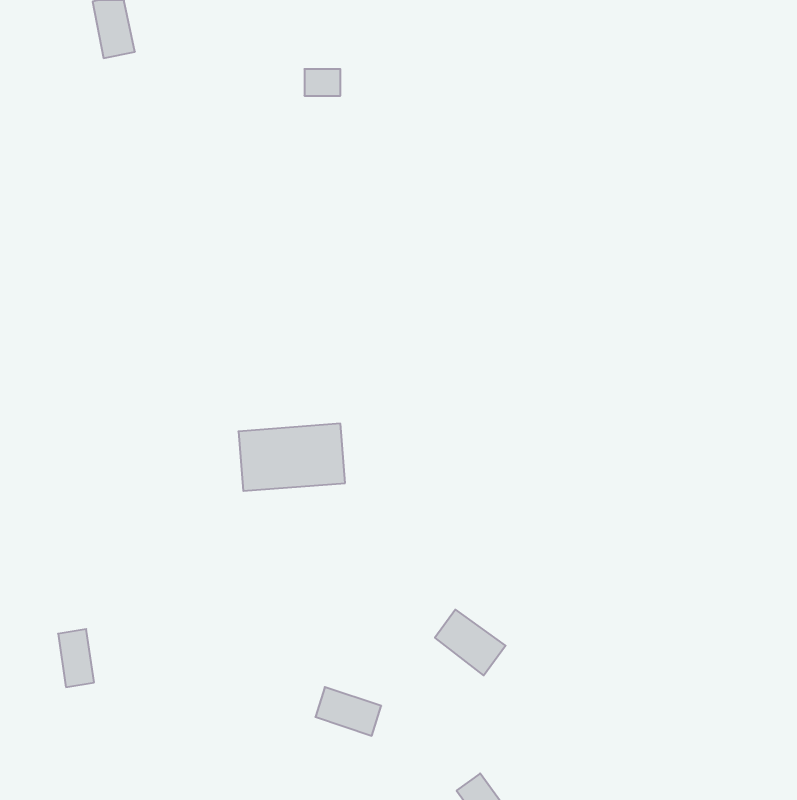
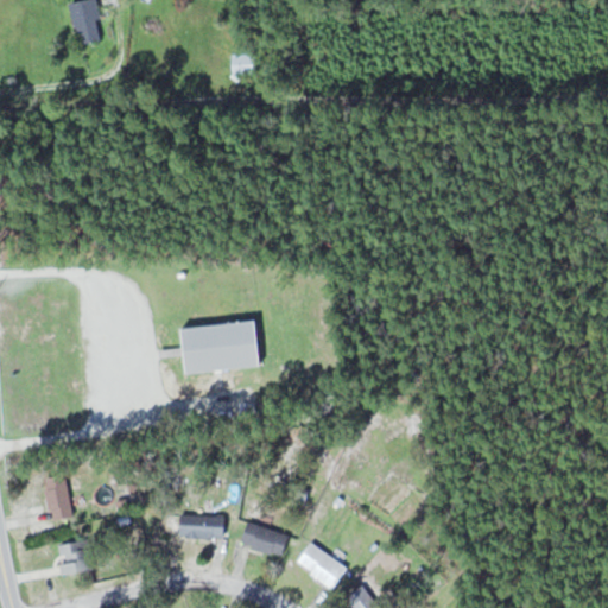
building: [435,610,506,675] -> [294,543,348,593]
building: none -> [178,515,223,538]
building: none -> [56,540,93,576]

